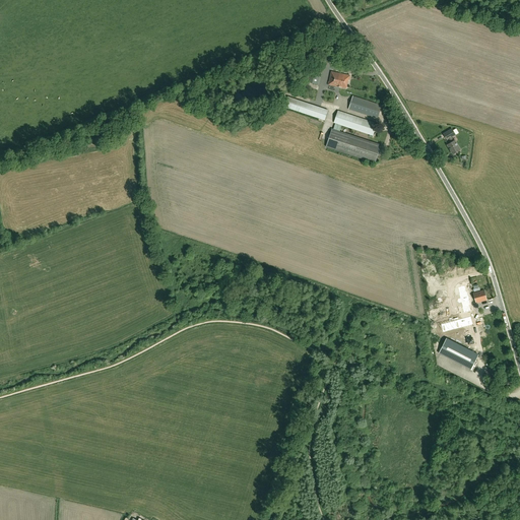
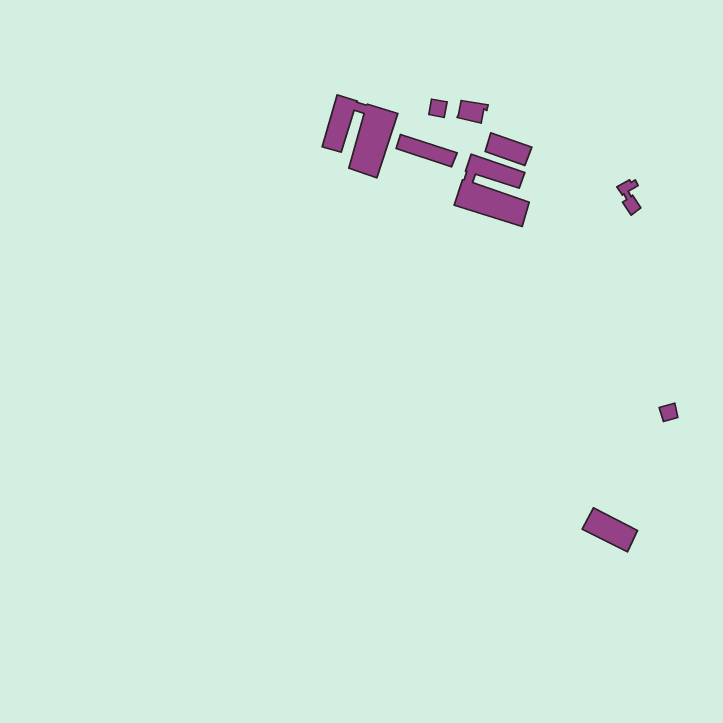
building: none -> [322,95,398,178]
building: [439,338,478,370] -> [582,508,637,552]

